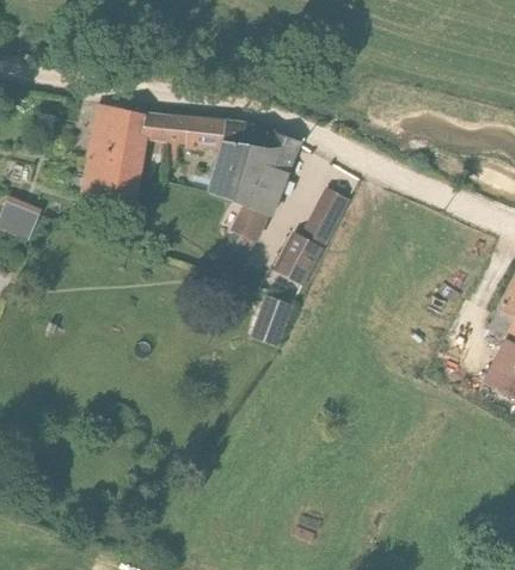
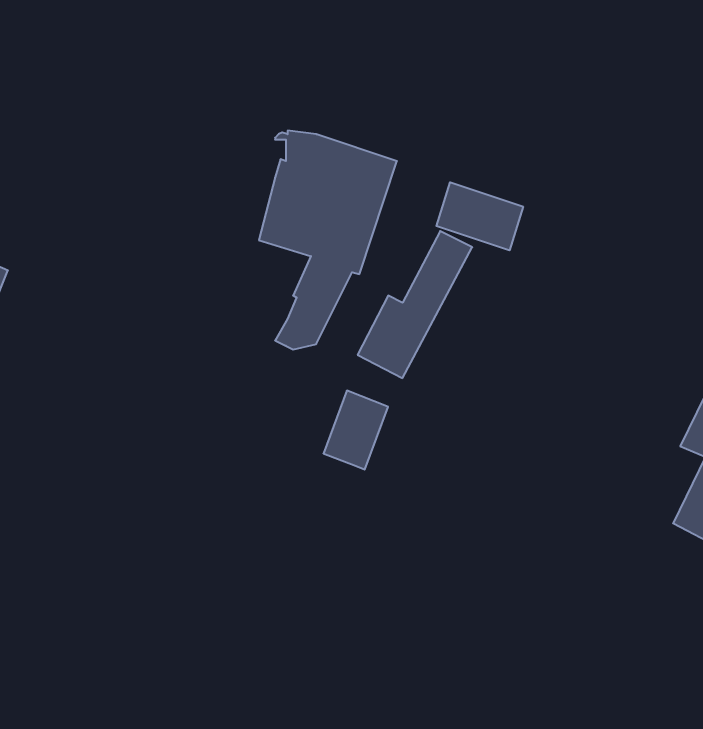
building: [79,102,207,203] -> none
building: none -> [436,182,523,250]

